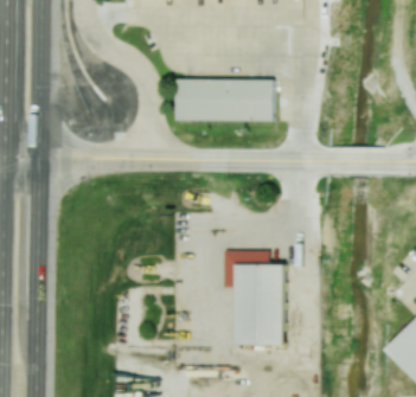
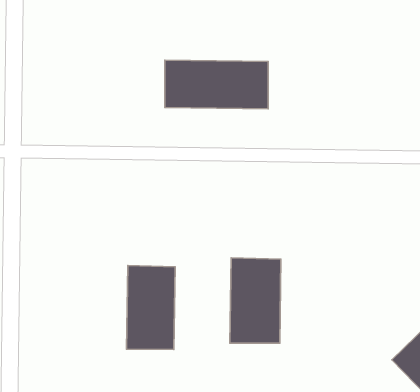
building: none -> [126,265,175,349]

